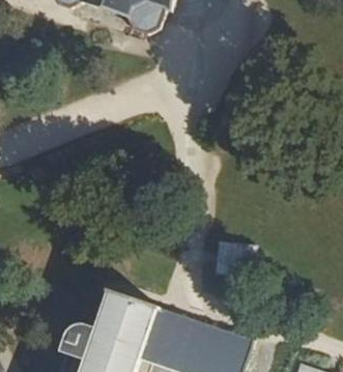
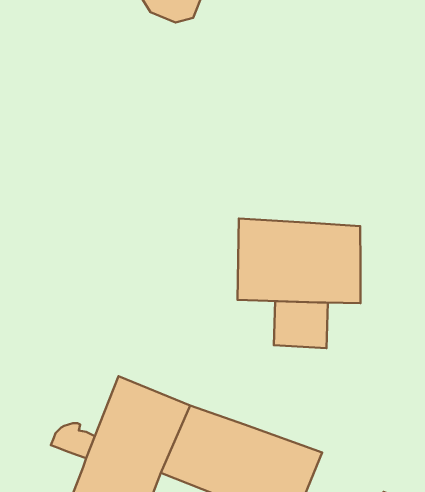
building: none -> [237,219,361,303]

